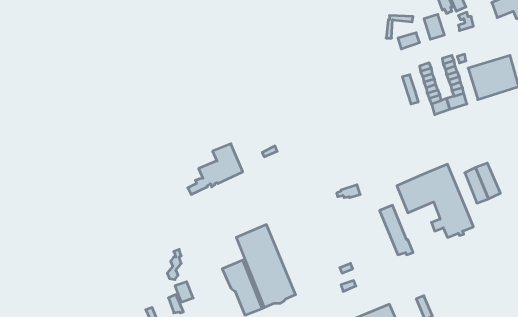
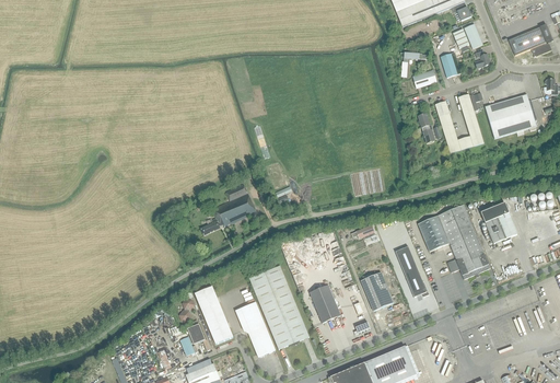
building: none -> [361,271,394,310]
building: none -> [310,285,340,322]
building: none -> [195,286,233,344]

